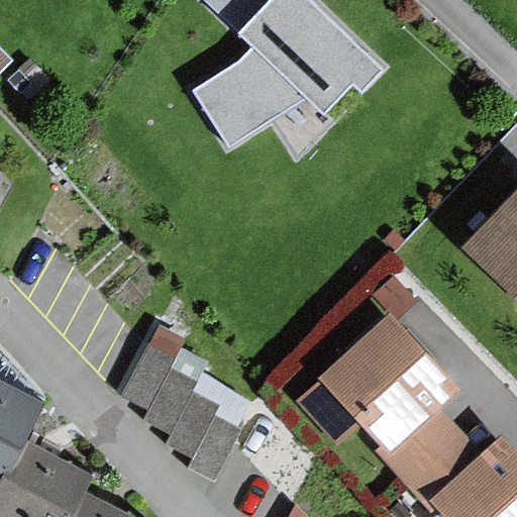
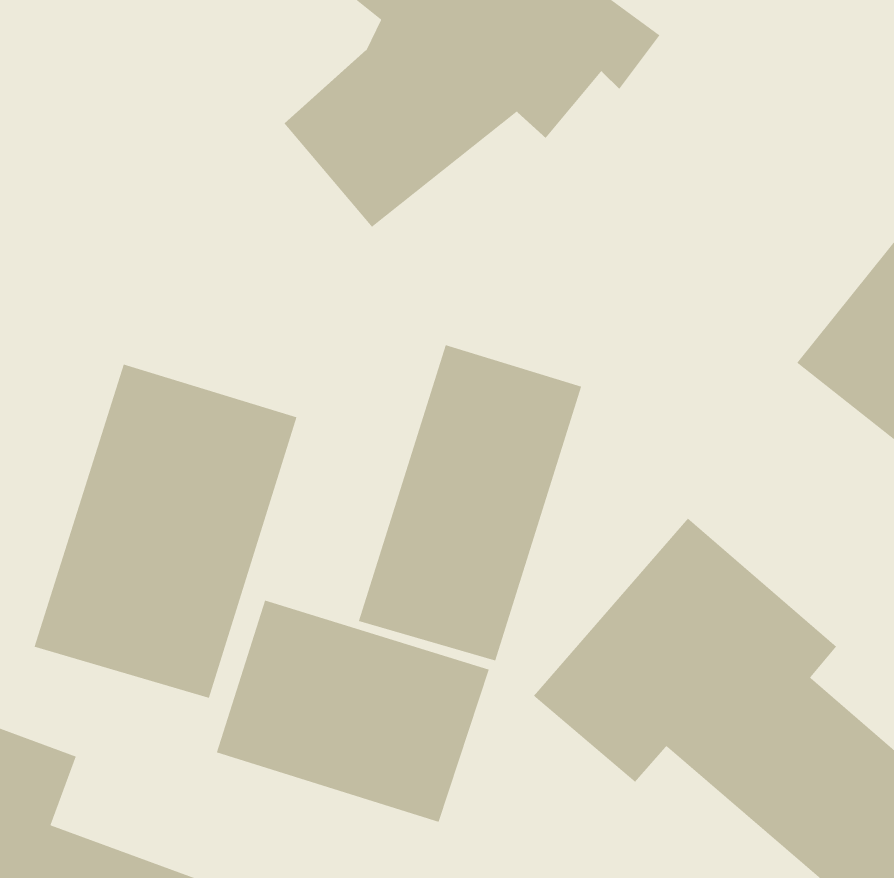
building: none -> [33,363,298,699]
building: none -> [358,344,582,662]

